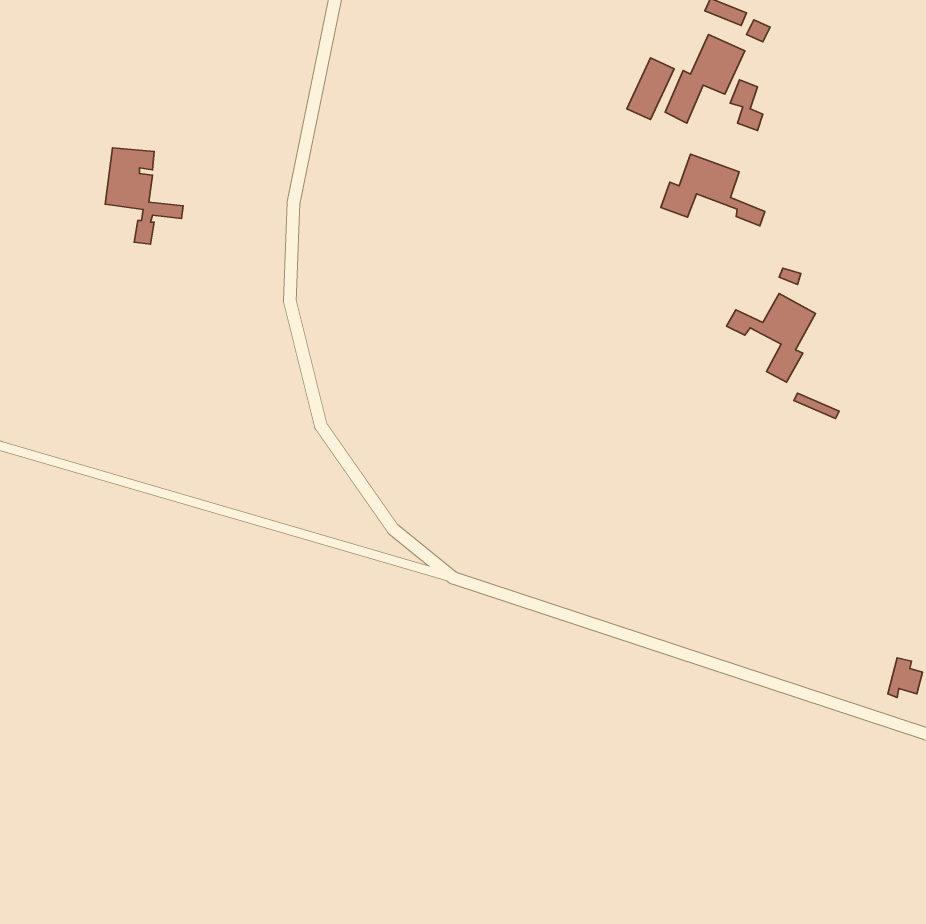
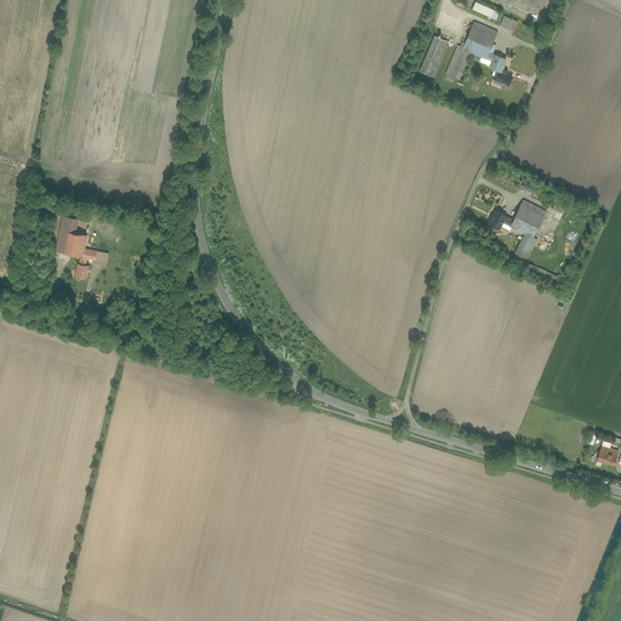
building: [105,148,183,244] -> [56,215,108,279]
building: [661,154,765,226] -> none

